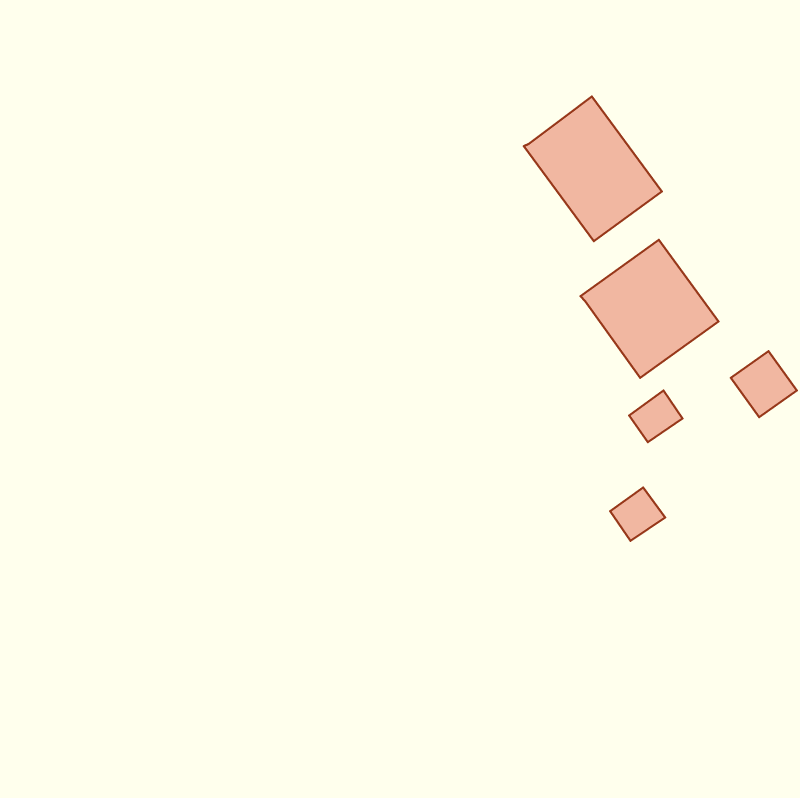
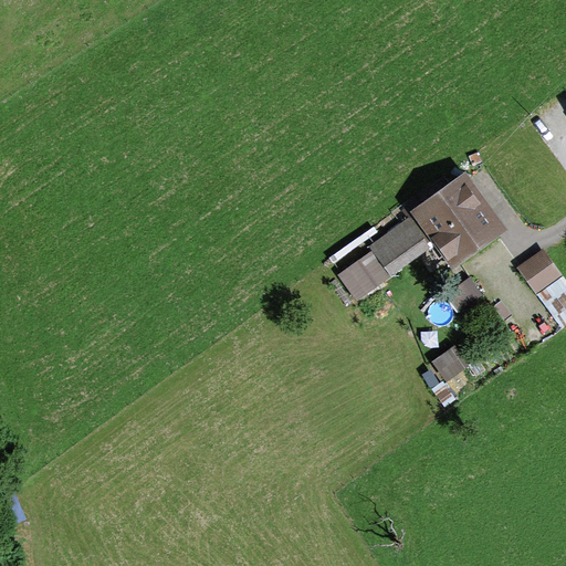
building: [524,97,662,241] -> none
building: none -> [344,214,434,290]

